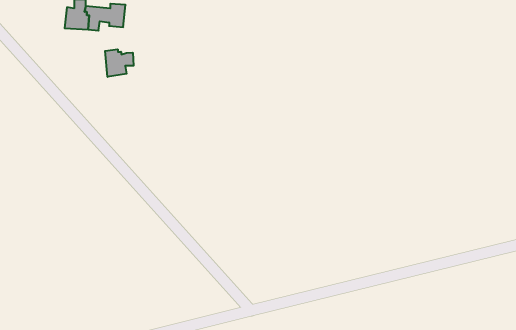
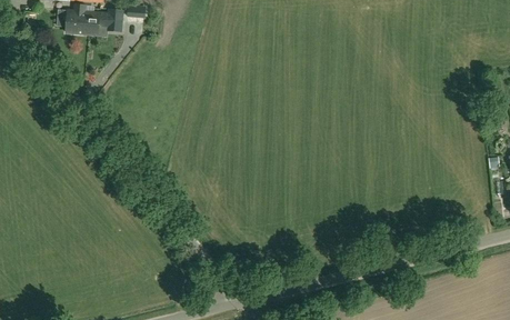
building: [105,49,134,77] -> none

